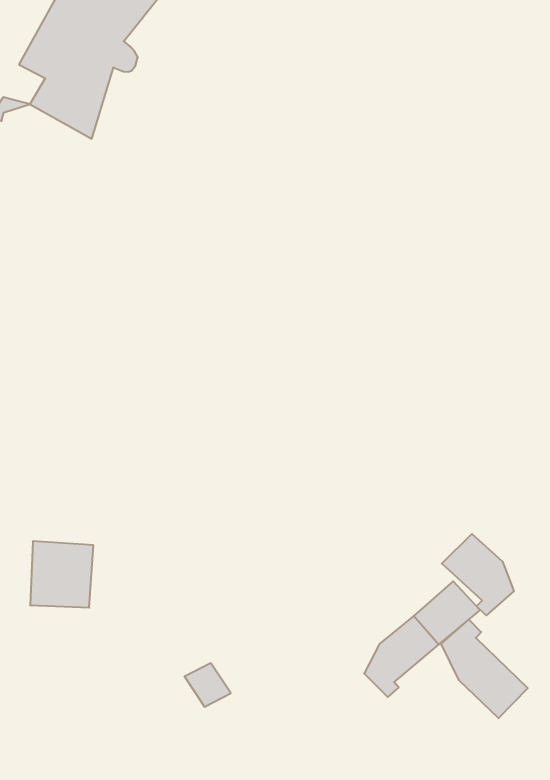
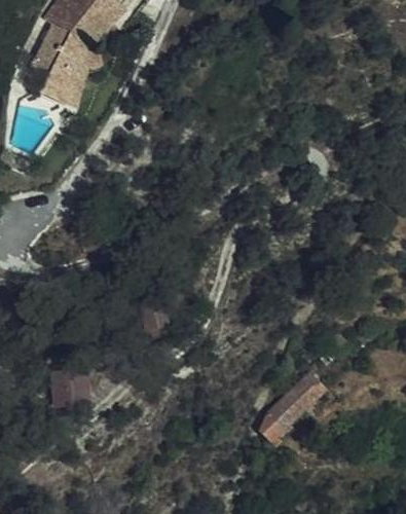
building: [442,534,514,615] -> none
building: [441,620,528,718] -> none

